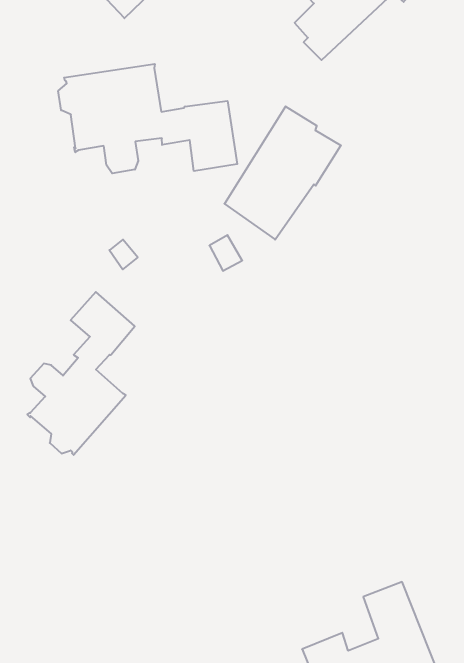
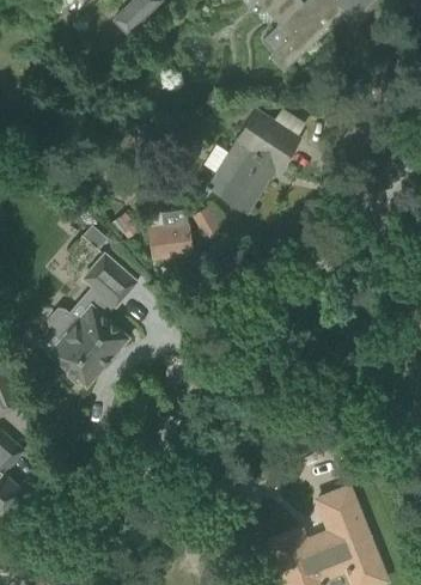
building: [58,64,237,173] -> none
building: none -> [150,208,191,258]

